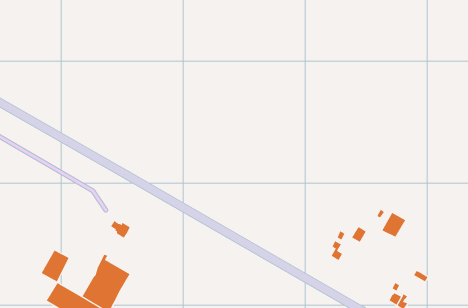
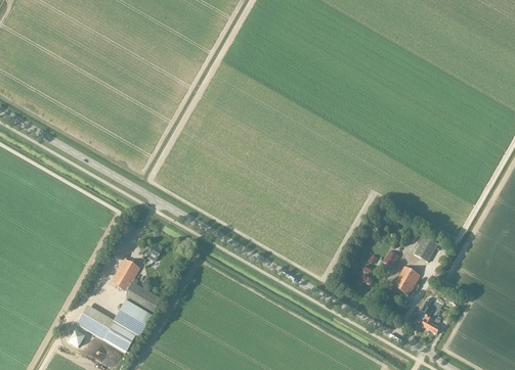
building: none -> [391,267,420,295]
building: [41,250,69,282] -> [111,260,139,292]

